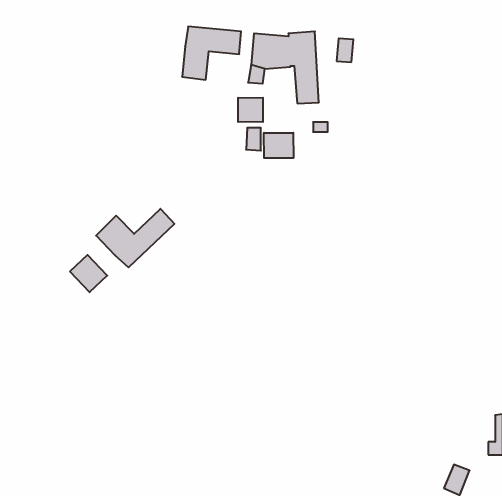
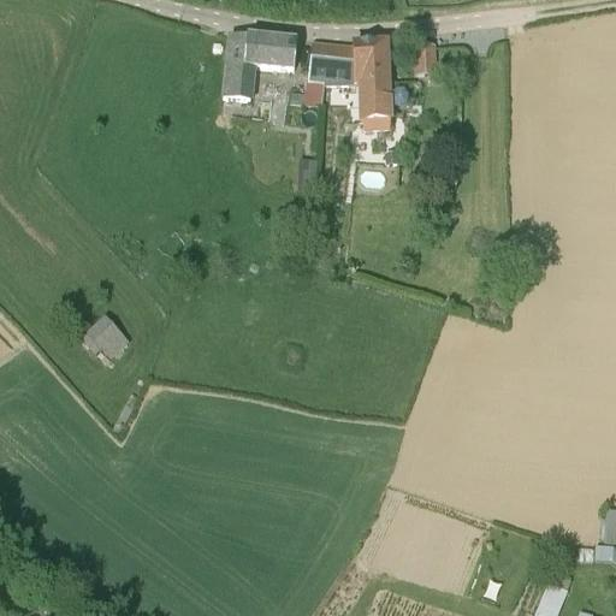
building: [238,98,263,122] -> none
building: [264,133,293,158] -> none
building: [96,209,174,267] -> none

